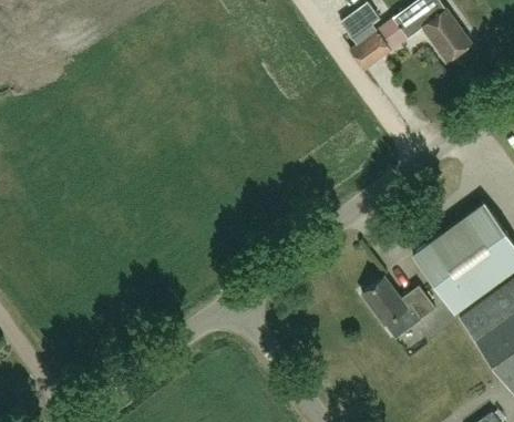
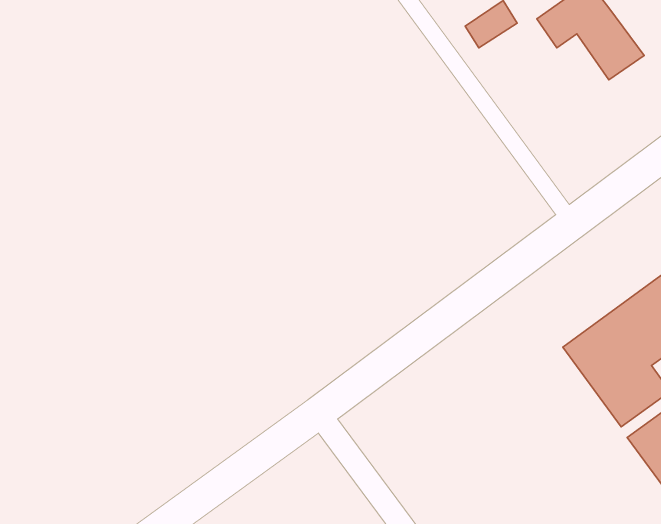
building: [350,32,391,70] -> none
building: [362,278,436,339] -> none

